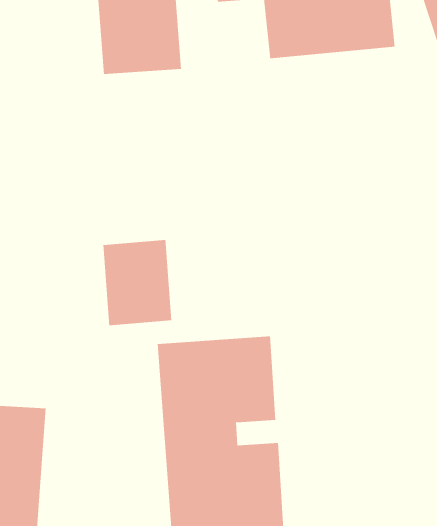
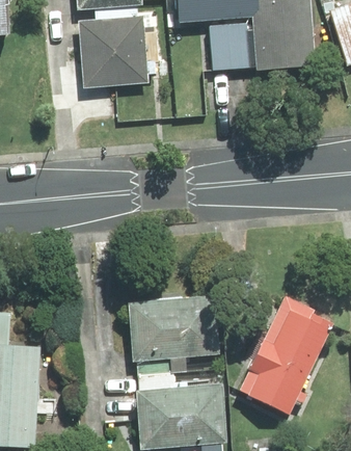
building: [103,239,172,326] -> none
building: none -> [232,290,333,418]

